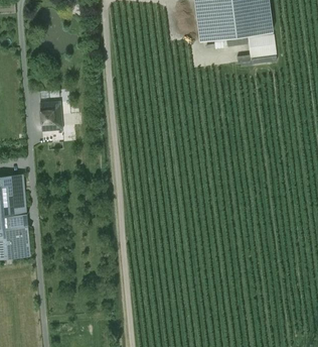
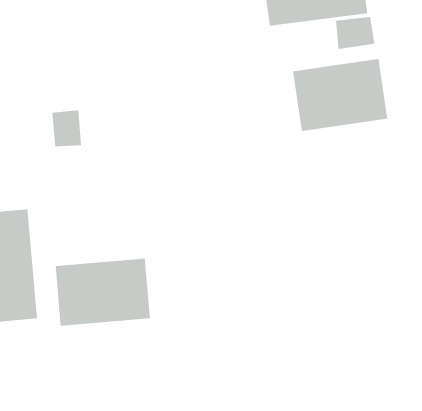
building: none -> [293,58,388,132]
building: none -> [55,258,150,327]

